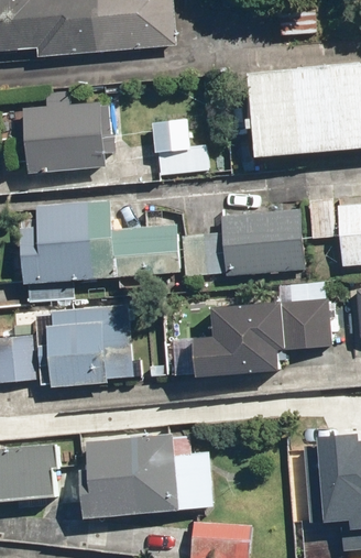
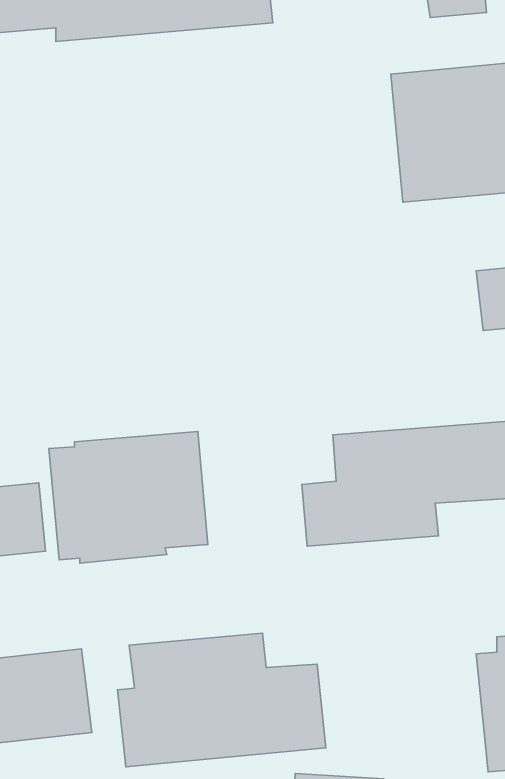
building: [22,102,108,173] -> none
building: [152,119,207,176] -> none
building: [17,204,177,288] -> none
building: [179,208,306,277] -> none

